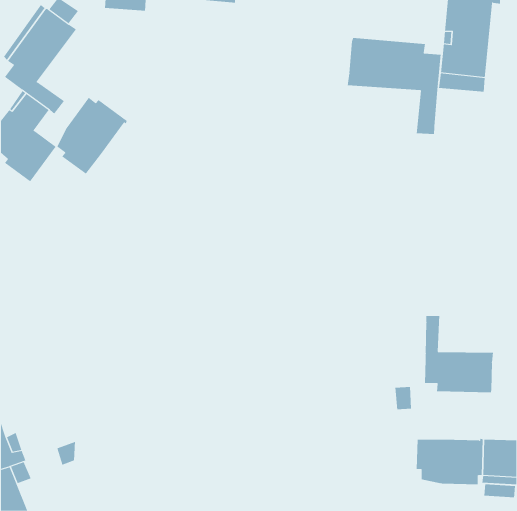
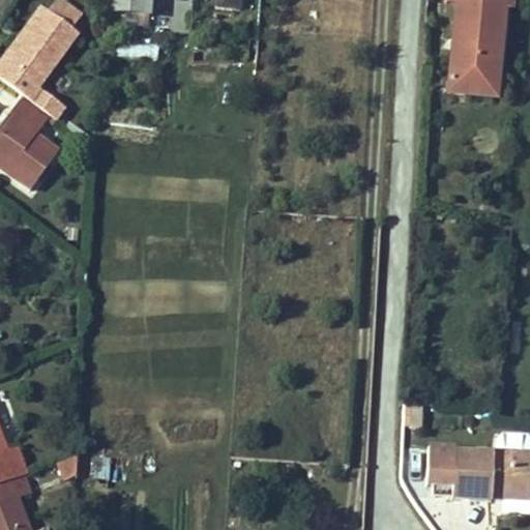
building: [347,37,441,135] -> none
building: [57,97,127,175] -> none
building: [424,315,493,393] -> none

